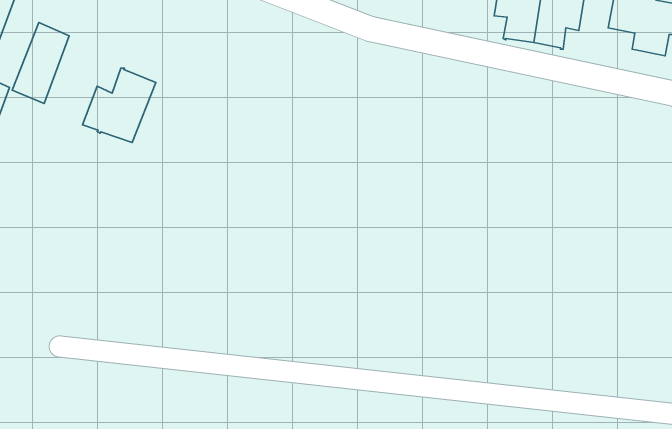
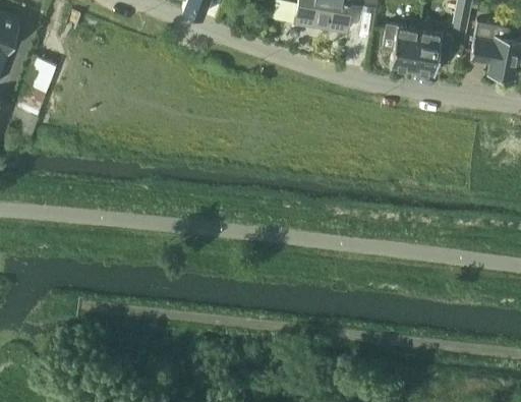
building: [82,68,156,142] -> none

